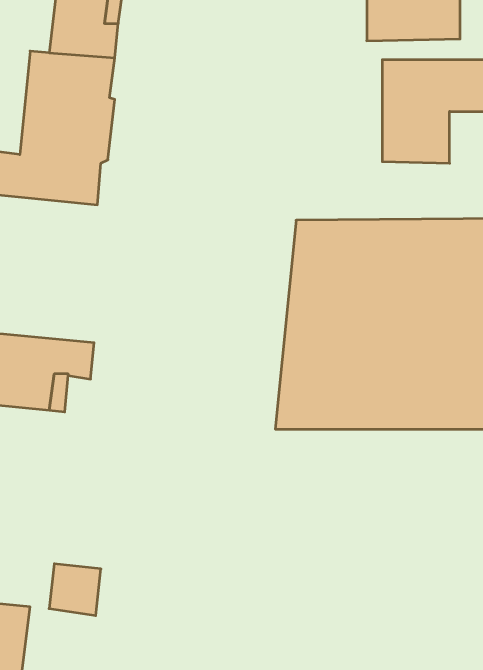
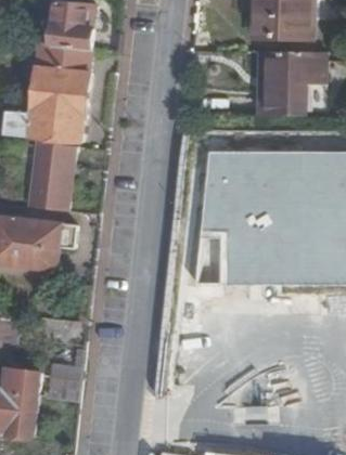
building: none -> [30,146,76,213]

